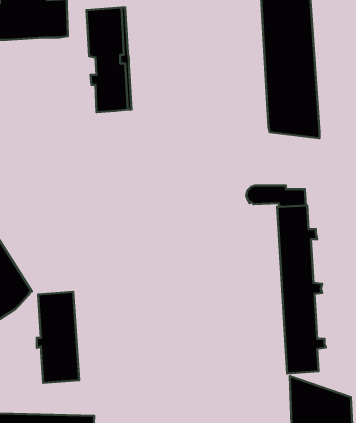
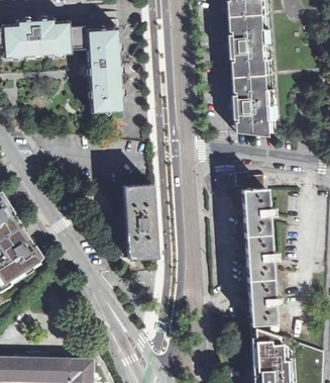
building: none -> [71,25,88,49]
building: [37,292,79,383] -> [122,184,156,258]

